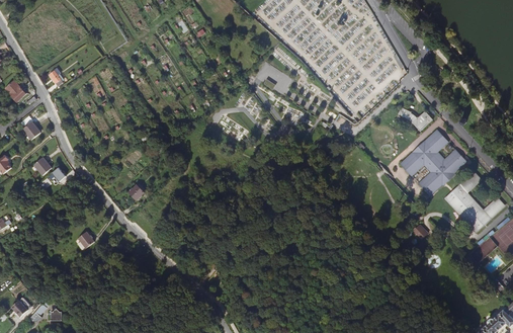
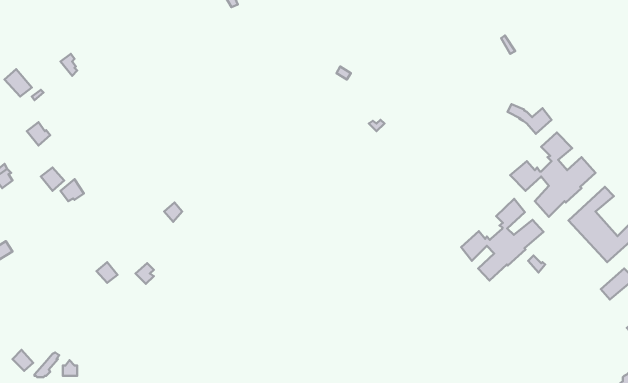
building: none -> [461,199,544,281]

